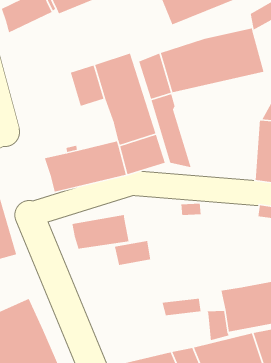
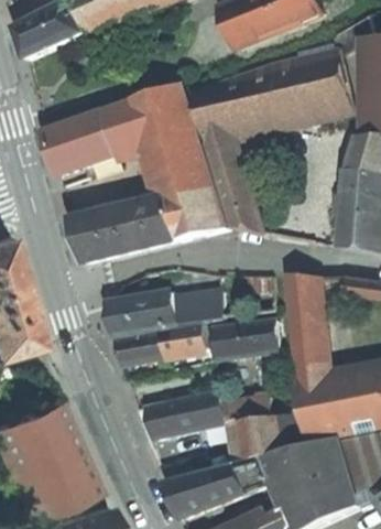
building: none -> [44,109,117,174]
building: none -> [285,276,322,387]
building: none -> [174,290,224,325]
building: none -> [211,321,279,359]
building: none -> [115,332,165,364]
building: none -> [143,391,222,439]
building: none -> [238,417,282,461]

